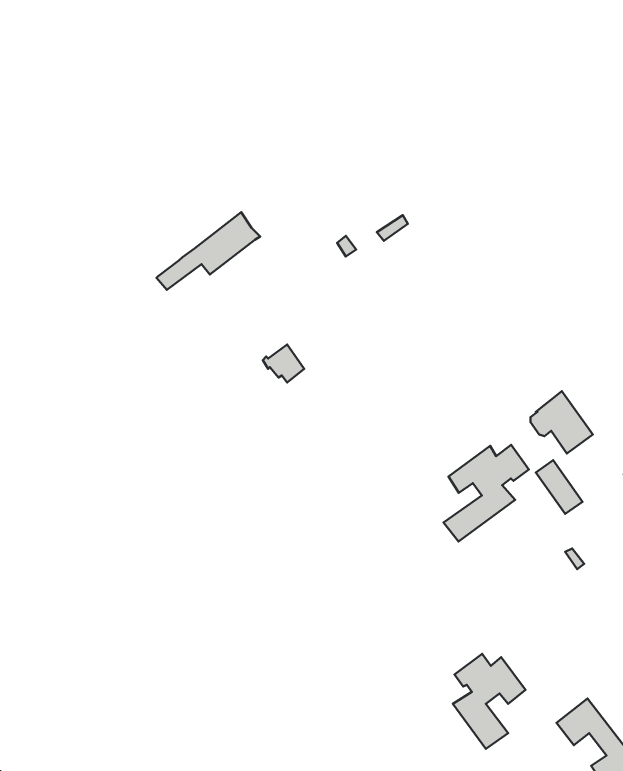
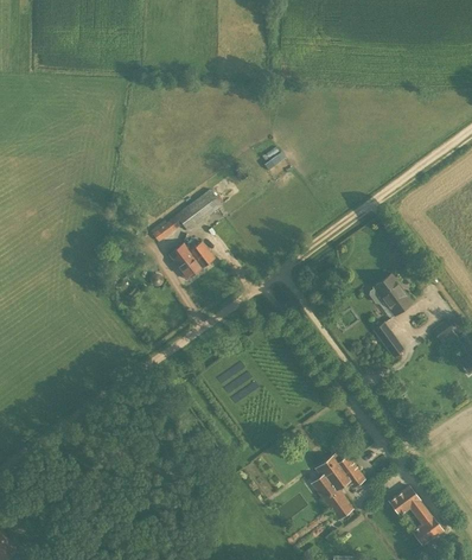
building: [156,212,260,290] -> [152,189,223,242]
building: none -> [170,243,203,279]
building: [444,445,529,541] -> none

